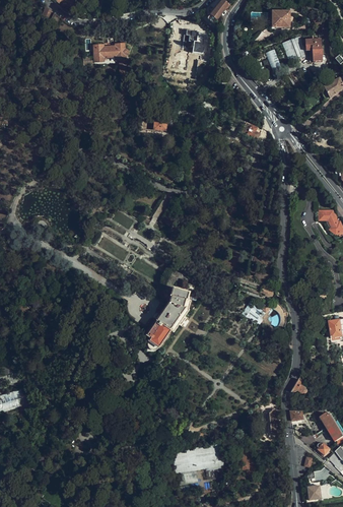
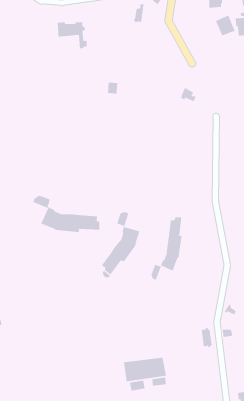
building: none -> [33,195,100,233]
building: none -> [151,216,182,280]

